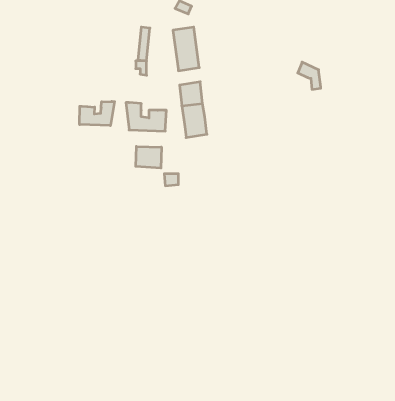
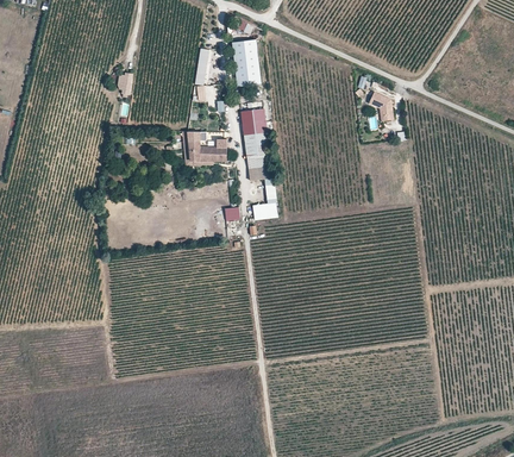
building: [80,101,115,126] -> none
building: [136,146,161,168] -> none

